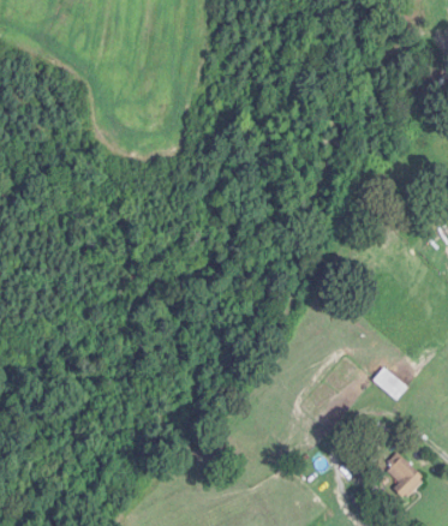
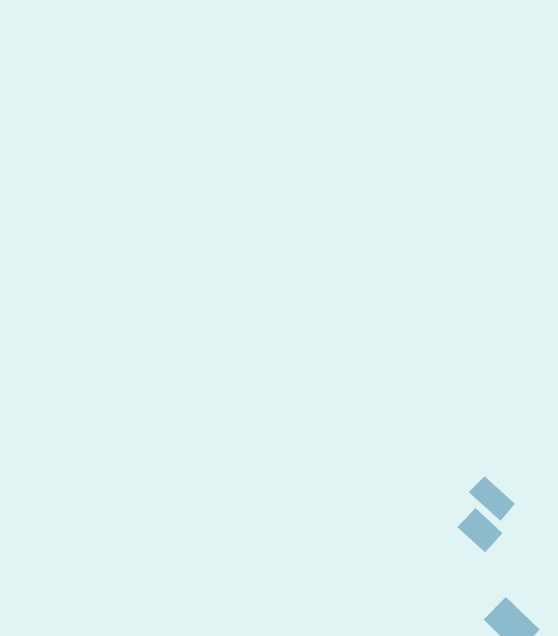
building: none -> [456,507,503,553]

